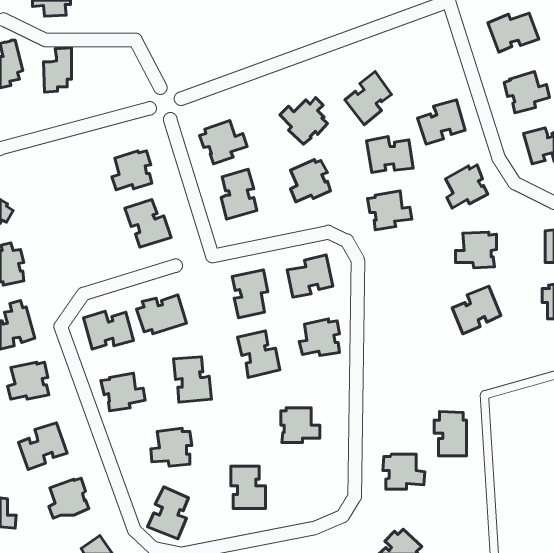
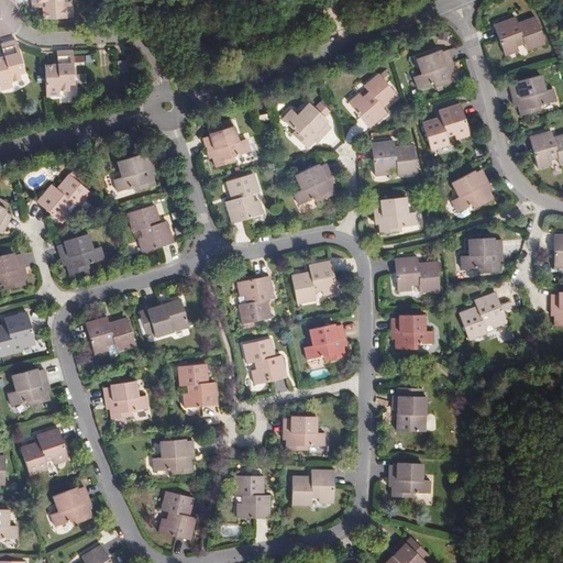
building: none -> [416,48,457,90]
building: none -> [38,173,92,223]
building: none -> [57,233,106,275]
building: none -> [396,257,440,292]
building: none -> [393,313,434,350]
building: [434,411,467,456] -> [394,387,427,432]
building: none -> [292,470,334,505]

